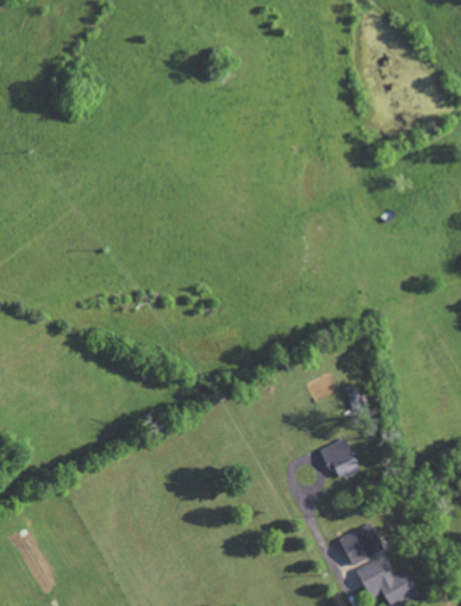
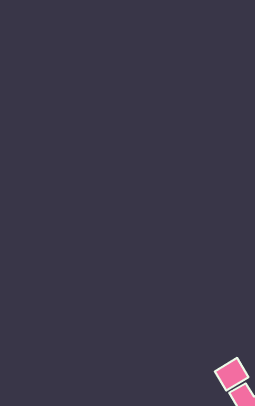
building: [319,438,359,476] -> none

